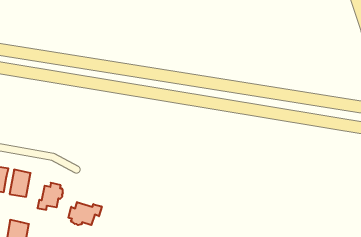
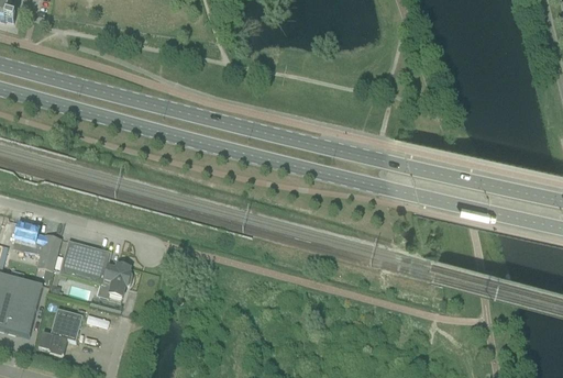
building: none -> [79,245,109,284]
building: [68,202,102,225] -> none

